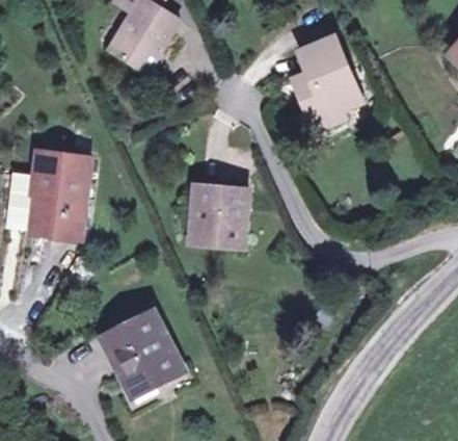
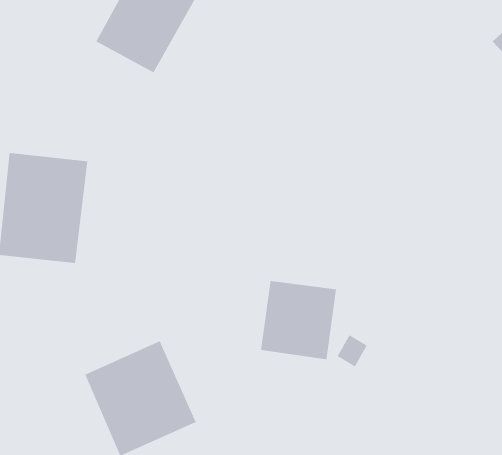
building: [287,31,371,135] -> none
building: [184,182,249,250] -> [260,281,337,360]

